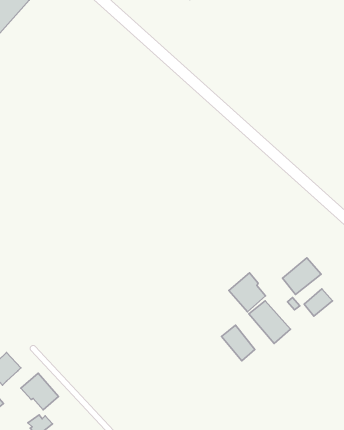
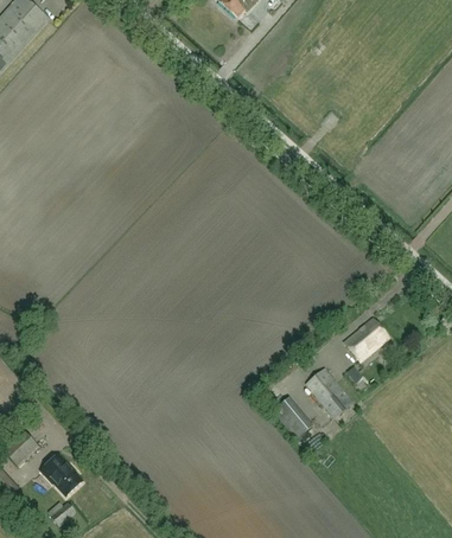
building: [229,273,265,312] -> none
building: [304,289,332,316] -> none

